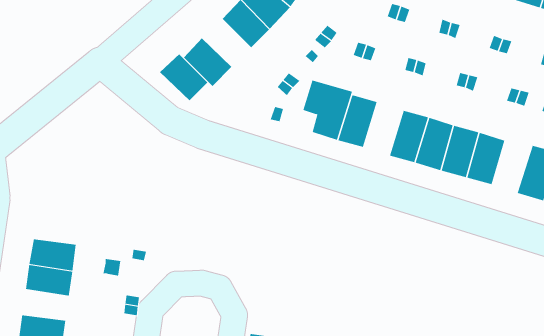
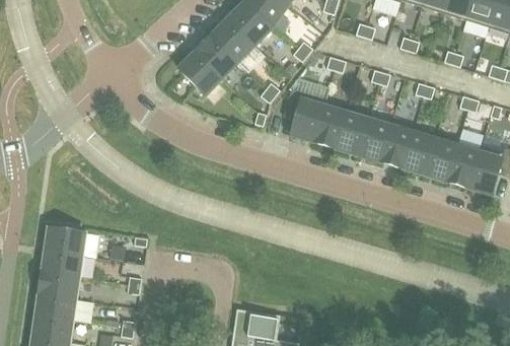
building: [159,53,208,101] -> [195,37,237,78]
building: none -> [335,109,369,155]
building: none -> [446,142,481,188]
building: none -> [39,271,80,298]

